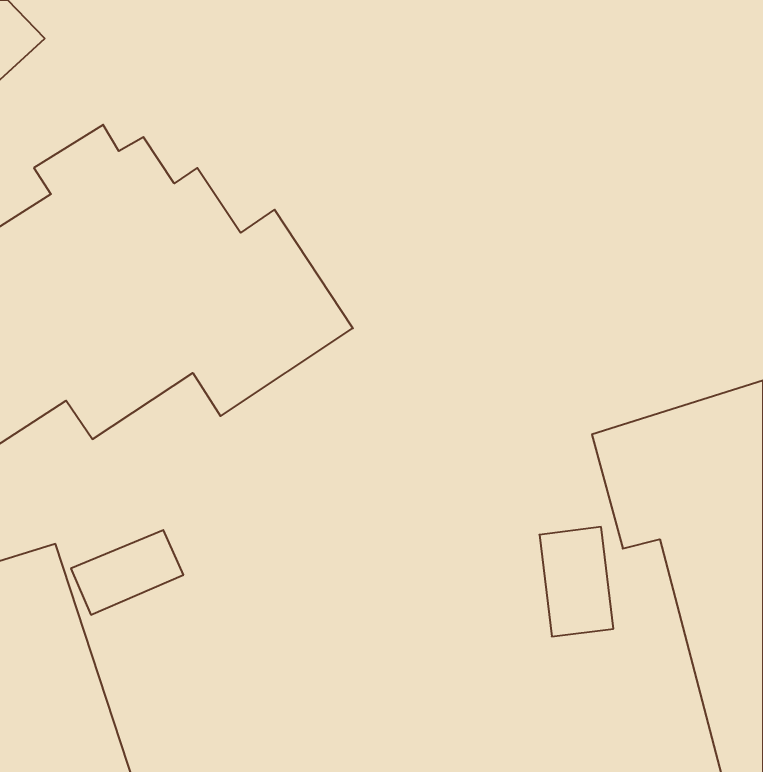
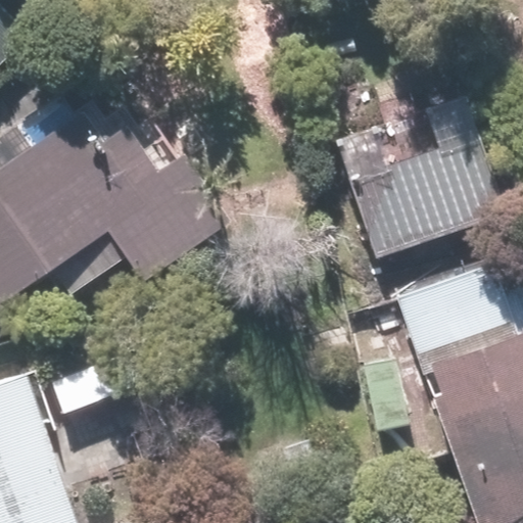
building: none -> [383,131,502,242]

